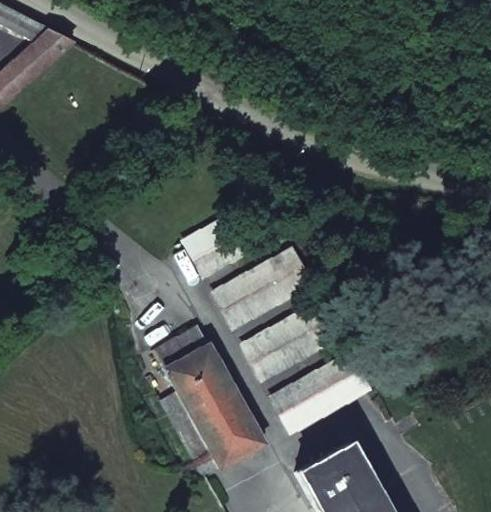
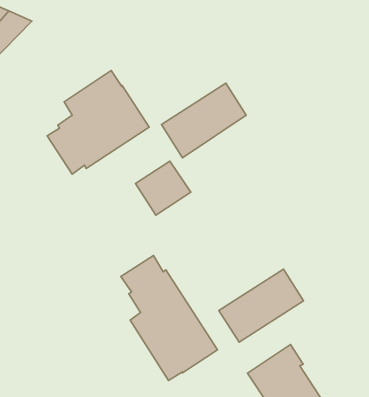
building: none -> [47,70,149,174]
building: [212,247,312,331] -> [161,83,246,158]
building: [241,299,342,383] -> none

